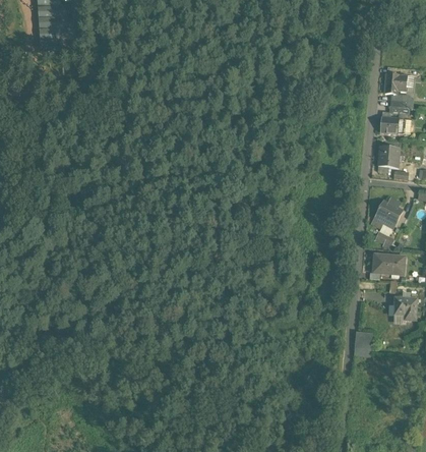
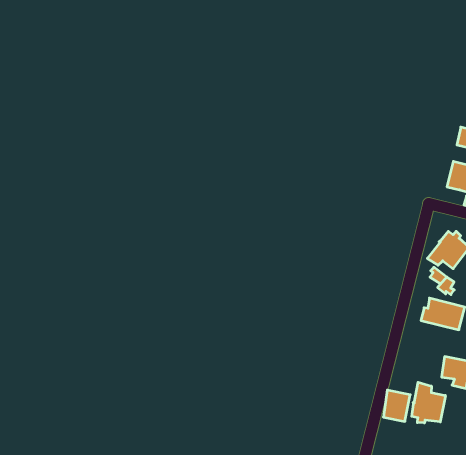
building: none -> [412,382,445,423]

